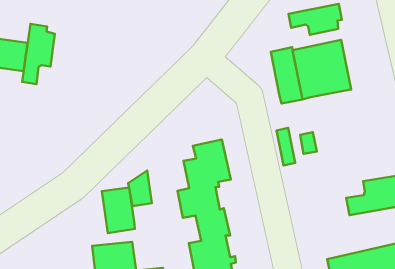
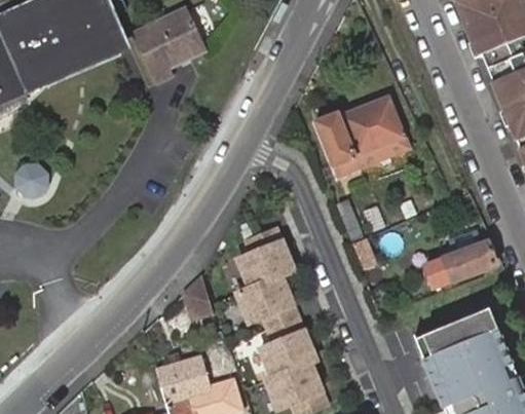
building: [289,4,342,35] -> none
building: [22,24,55,84] -> none
building: [102,187,135,233] -> none

